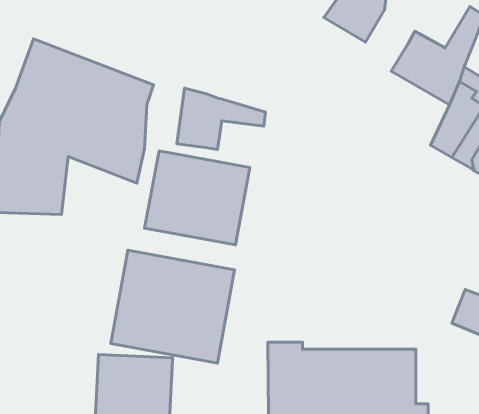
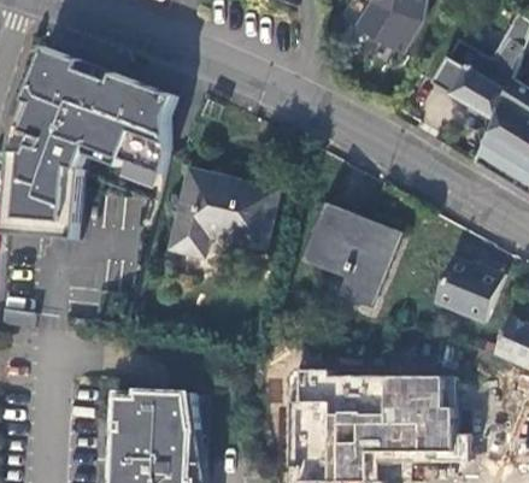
building: [177,88,265,149] -> none
building: none -> [298,200,401,308]
building: none -> [435,259,499,319]
building: [111,250,234,363] -> none

